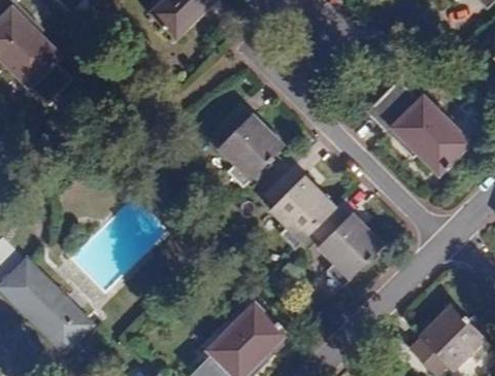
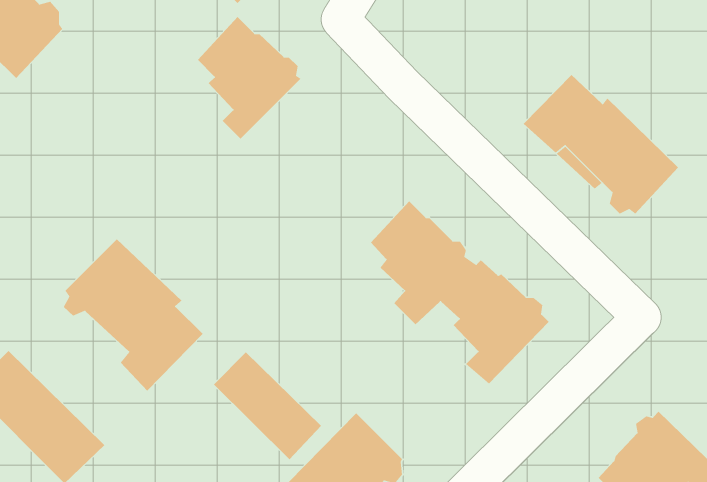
building: [211,102,280,183] -> [197,16,301,139]
building: none -> [63,239,203,391]
building: none -> [213,351,322,460]

